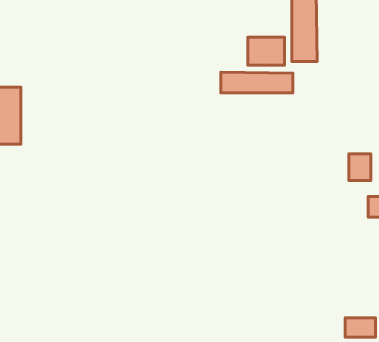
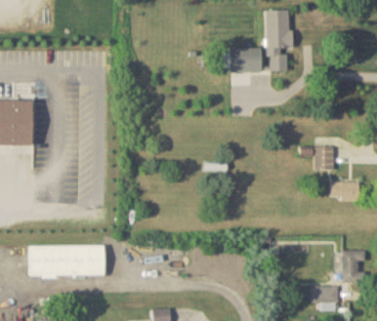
building: [221,72,293,93] -> none
building: none -> [30,246,103,276]

